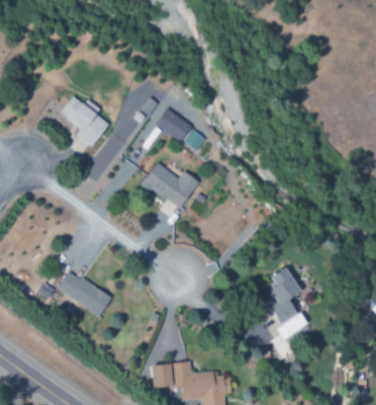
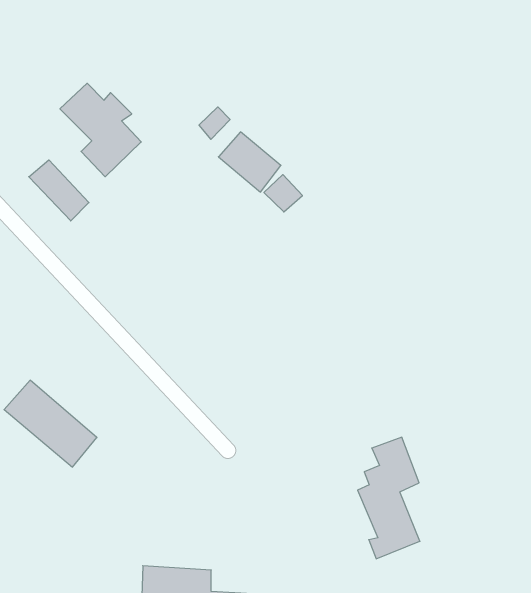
building: none -> [29,160,89,221]
building: [143,163,200,210] -> none

